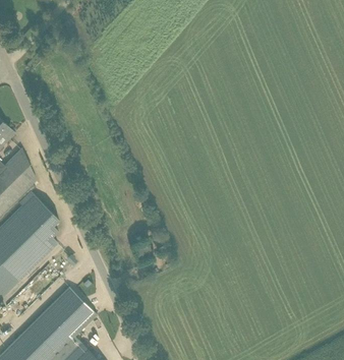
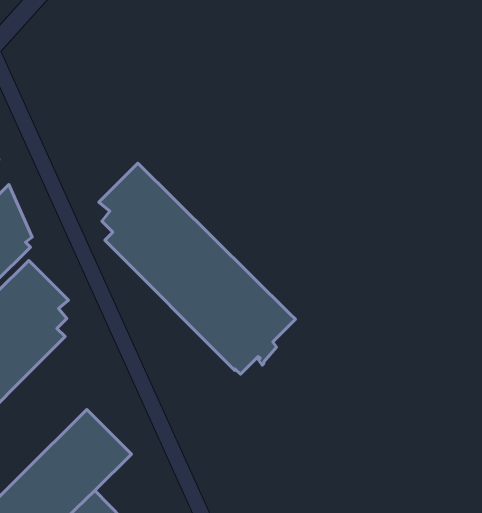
building: none -> [99,163,295,374]

